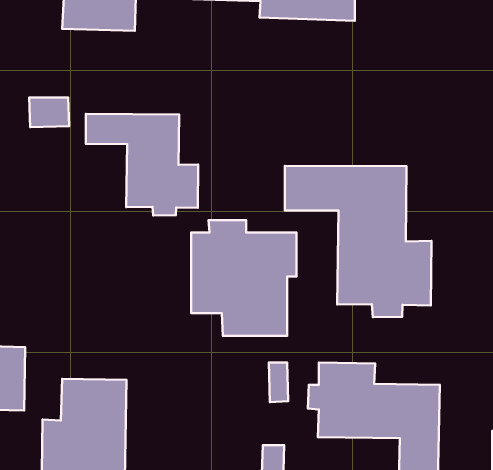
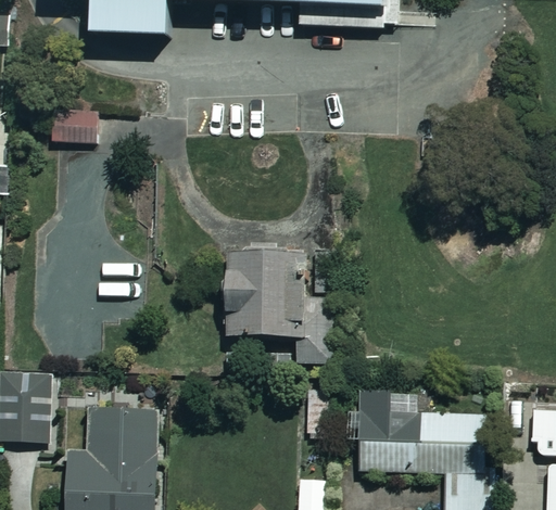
building: [86,114,198,216] -> none
building: [285,166,431,317] -> none

